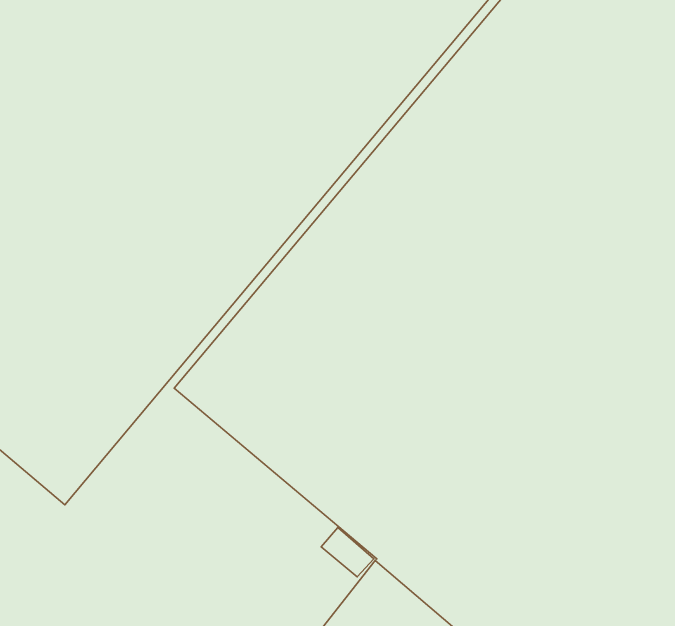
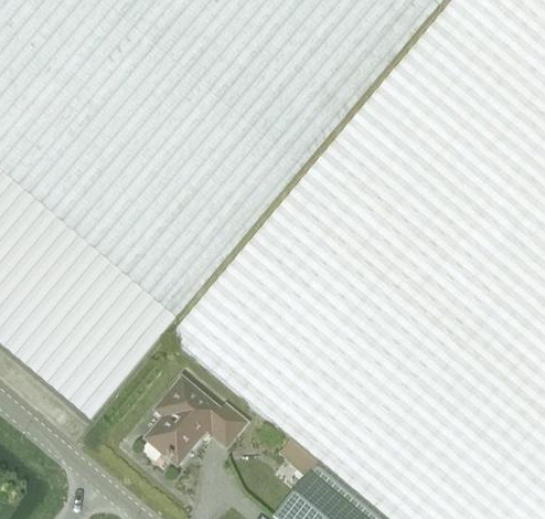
building: none -> [146,379,245,463]

